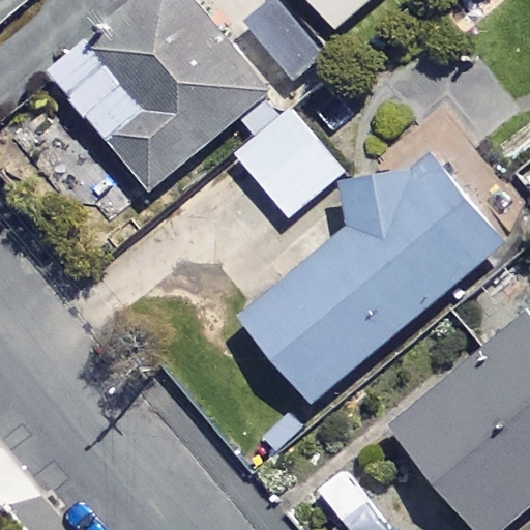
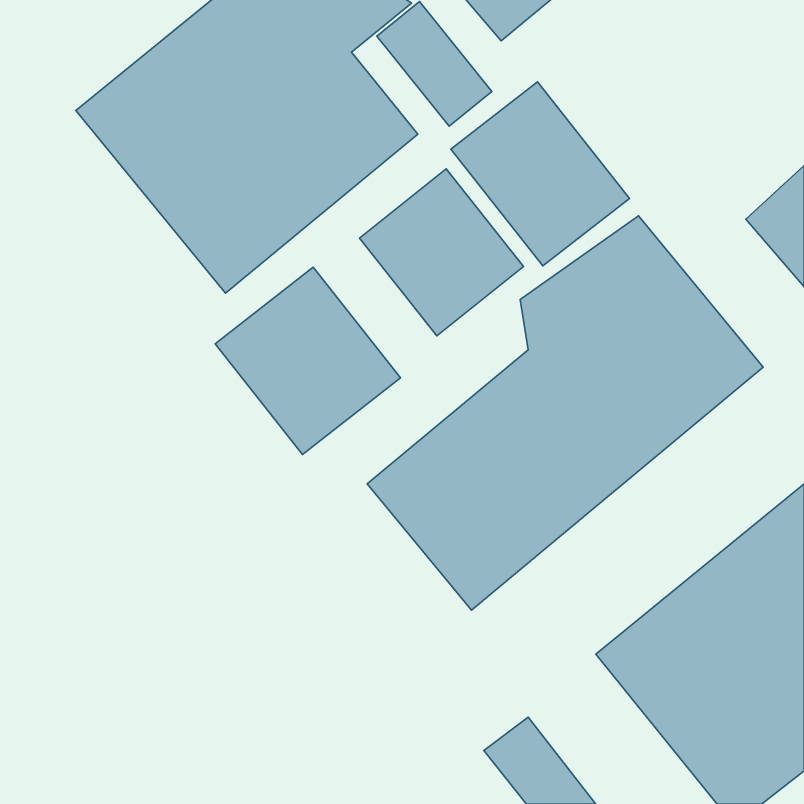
building: none -> [451,82,630,266]
building: none -> [215,267,401,454]

